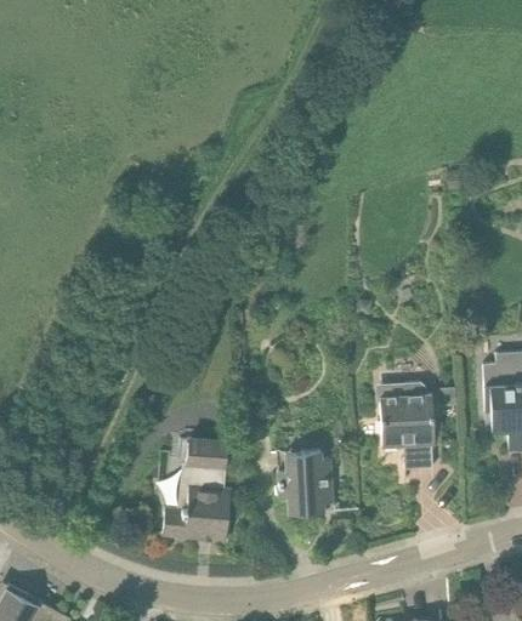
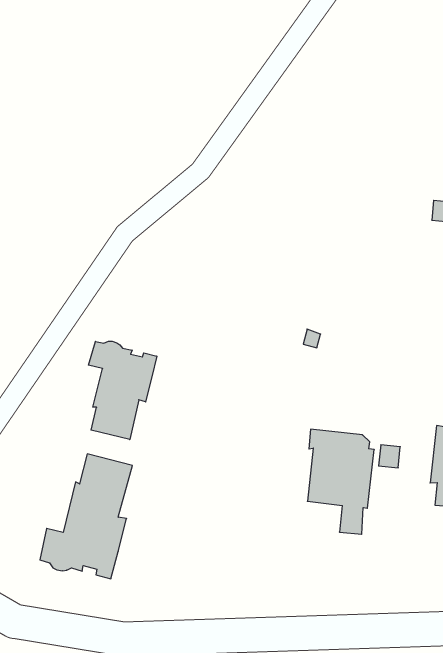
building: none -> [88,341,157,440]
building: [277,451,331,517] -> none

